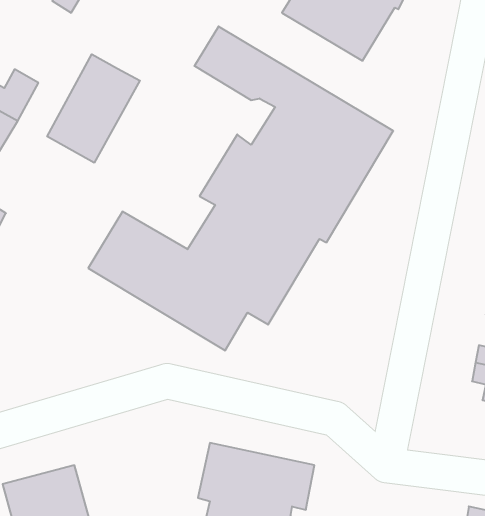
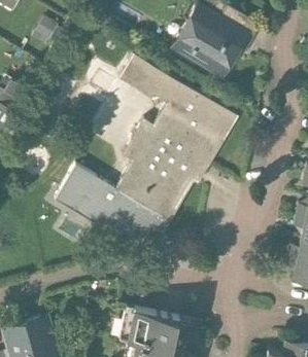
building: [47,54,140,163] -> none

